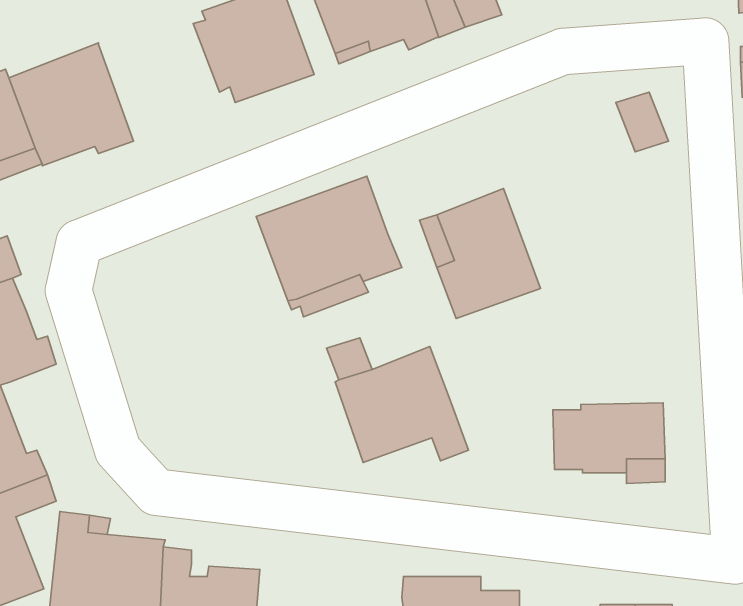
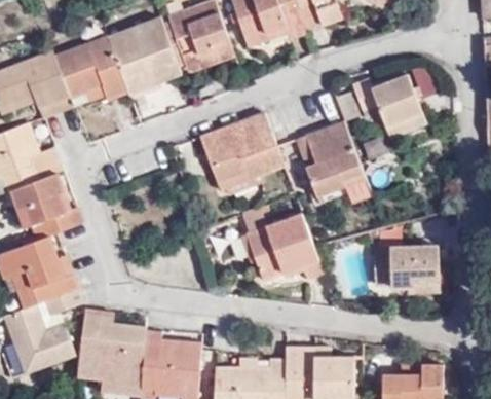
building: none -> [107,16,182,95]
building: none -> [351,74,425,139]

